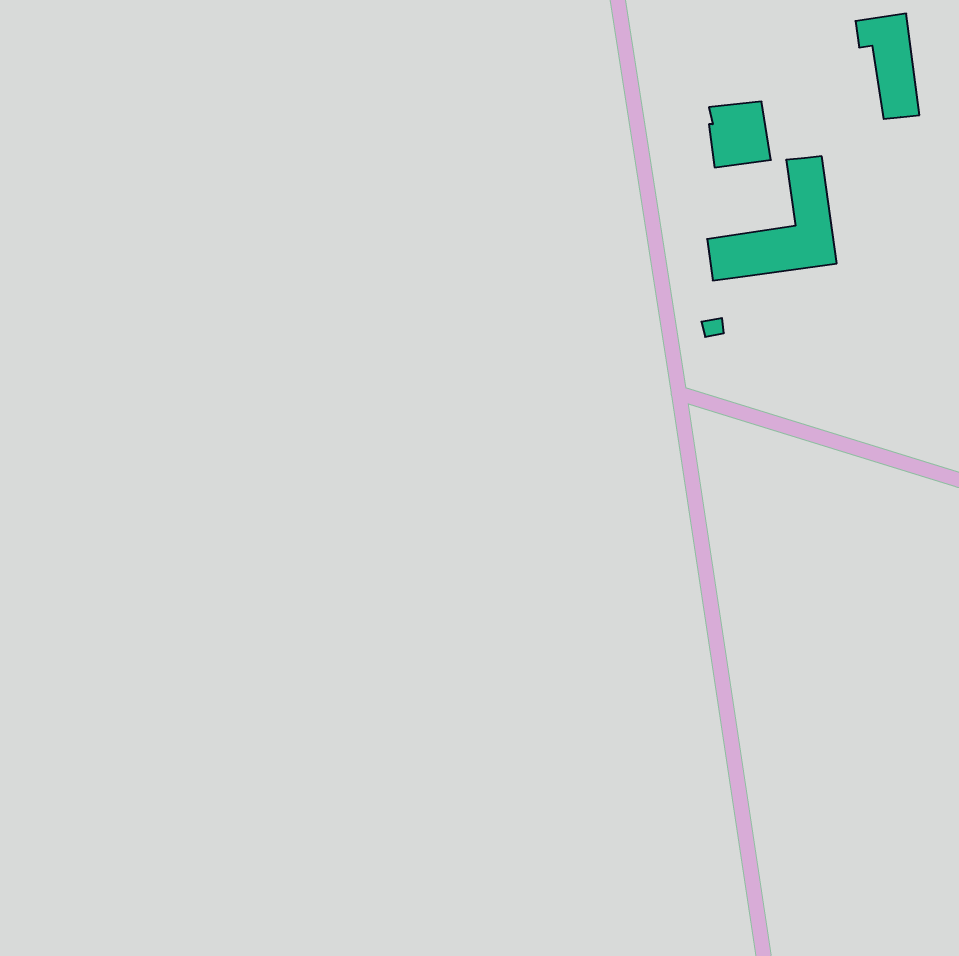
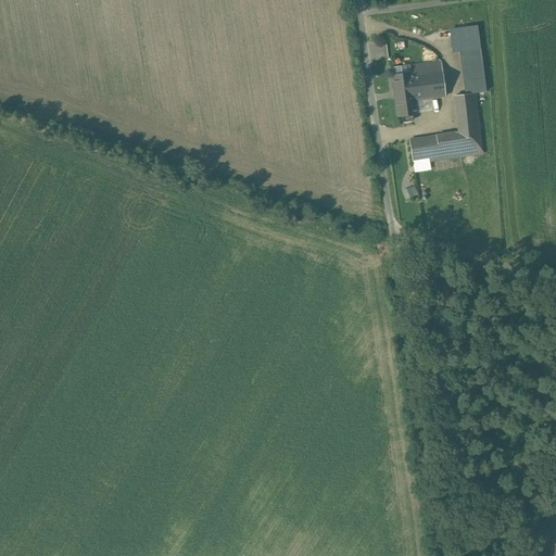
building: [855,14,919,119] -> [448,30,485,91]
building: none -> [391,71,415,113]

